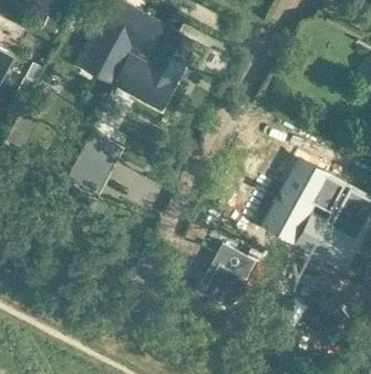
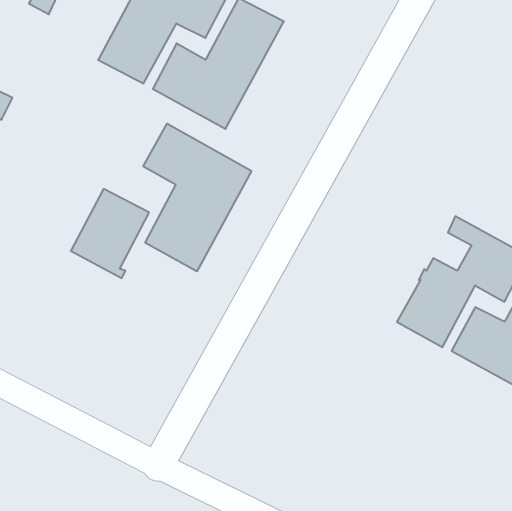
building: none -> [143,124,251,271]
building: [196,243,255,309] -> none

